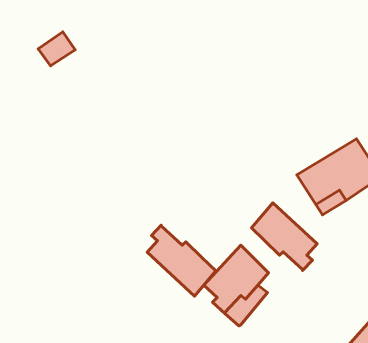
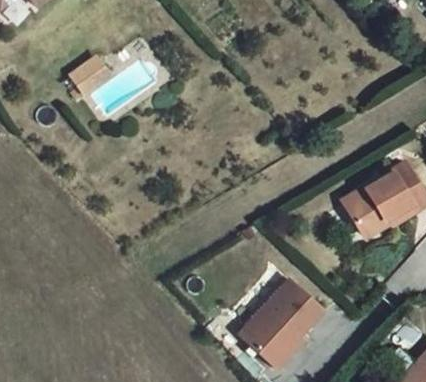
building: [252,203,317,270] -> none
building: [147,225,216,296] -> none

